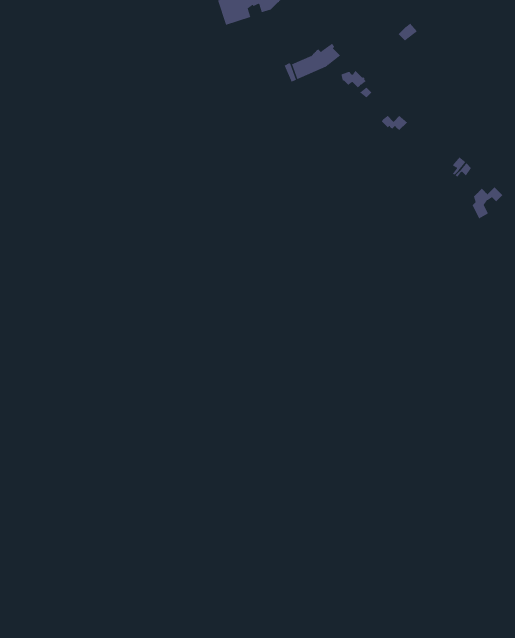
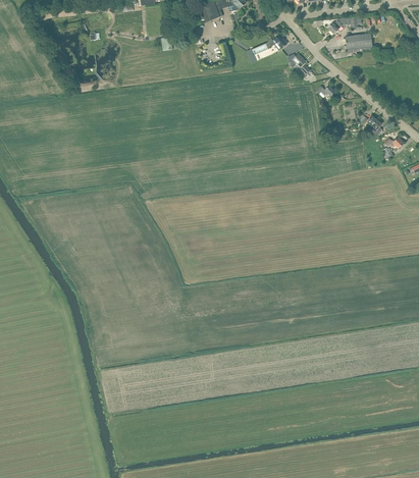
building: none -> [345,33,374,52]

